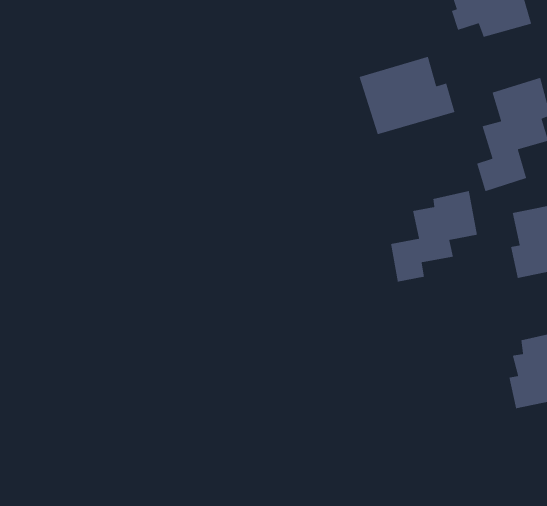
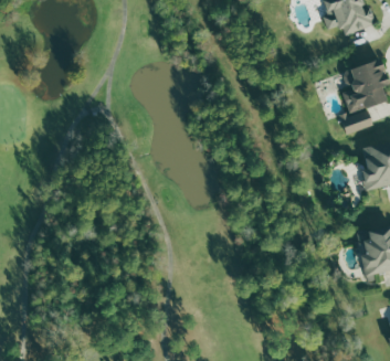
building: [359,56,455,135] -> none
building: [390,190,478,283] -> none

